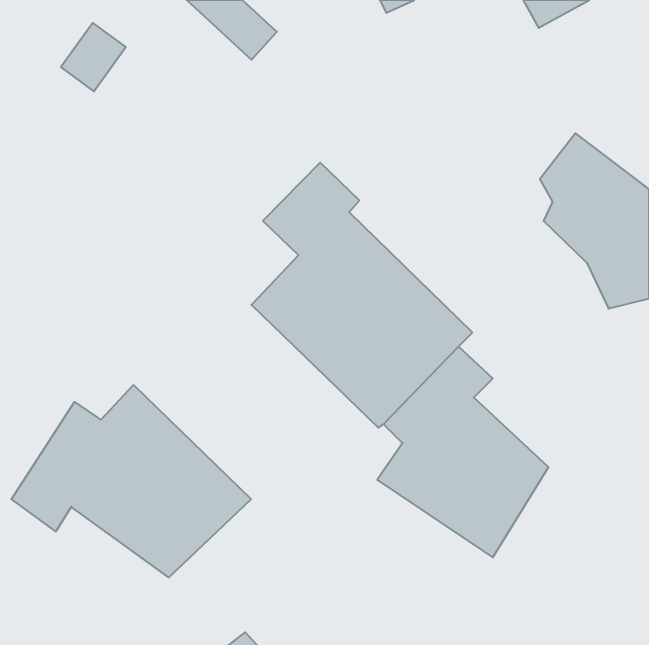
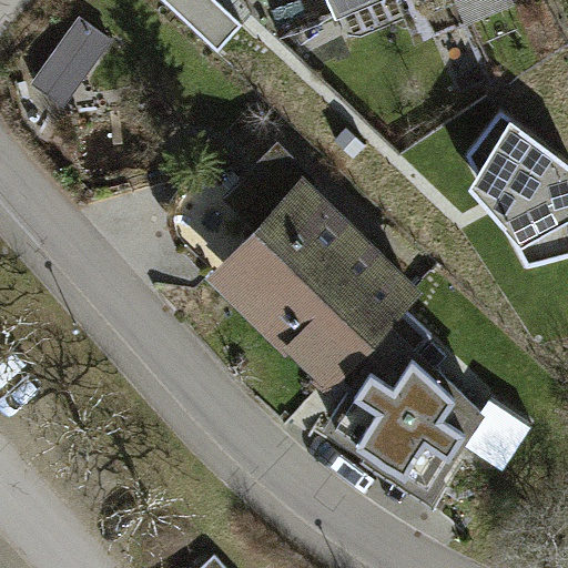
building: [11,385,251,577] -> none

